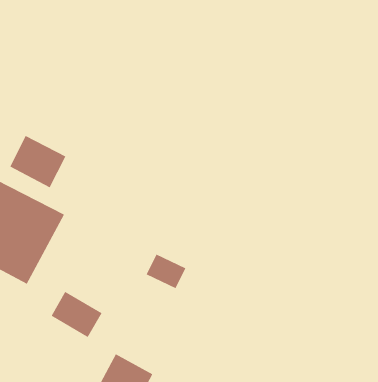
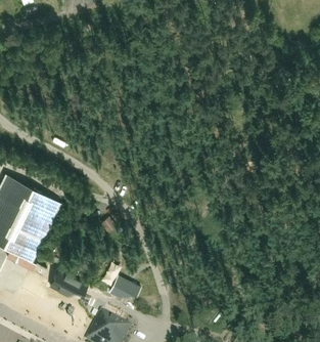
building: [9,135,66,188] -> none
building: [146,254,186,289] -> [107,273,139,301]

